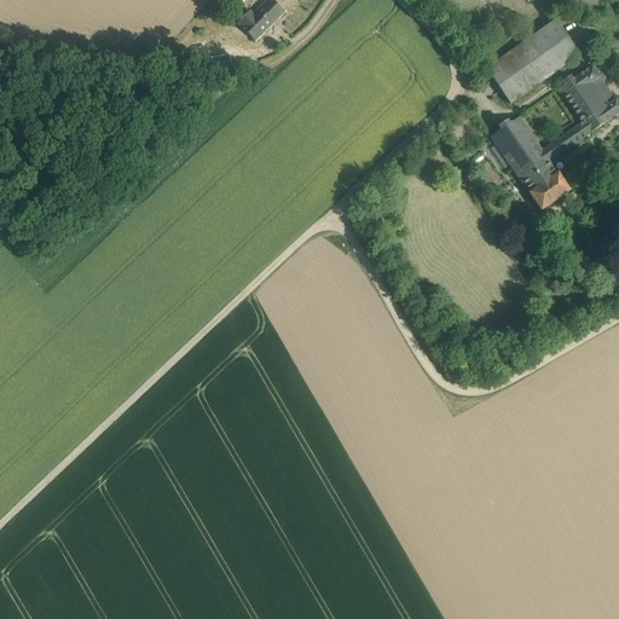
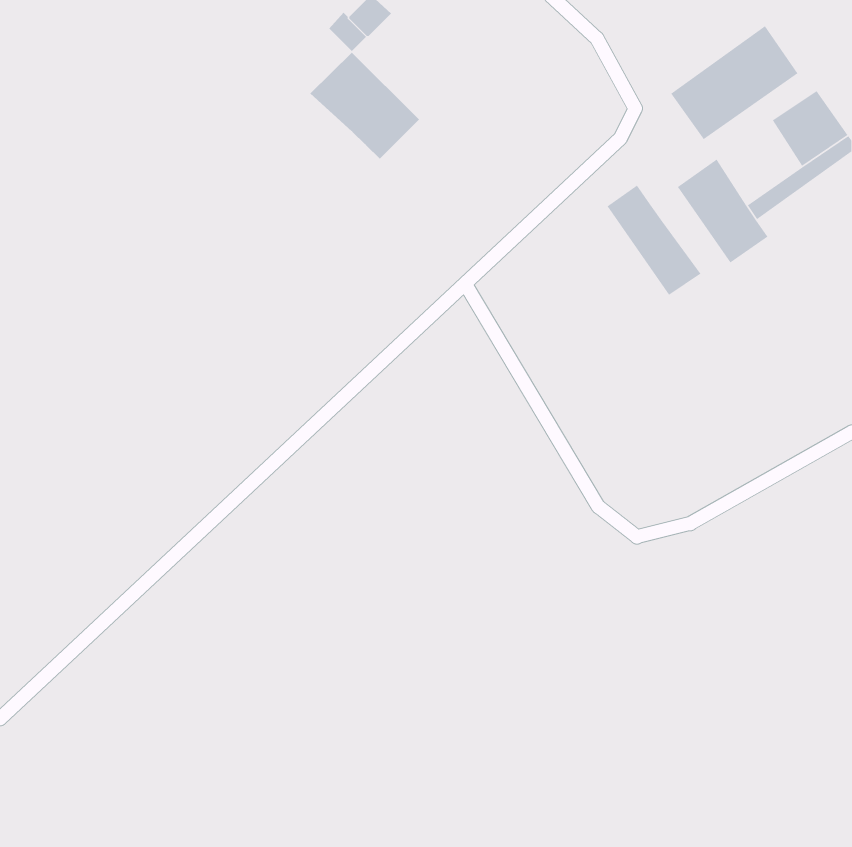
building: none -> [309,52,420,160]
building: none -> [606,185,702,296]
building: [528,172,571,209] -> none

